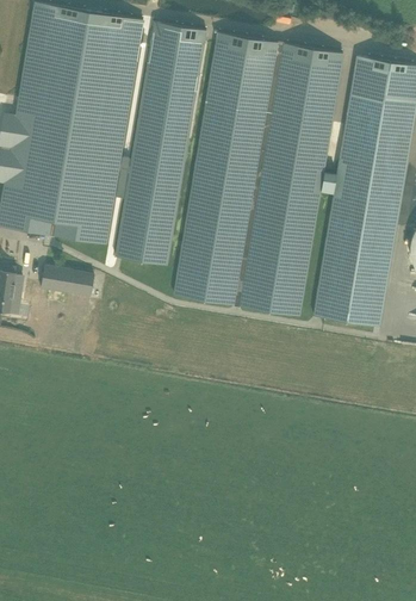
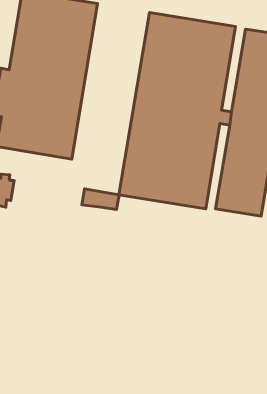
building: [114,23,205,266] -> none
building: [39,266,93,296] -> [82,189,119,210]

